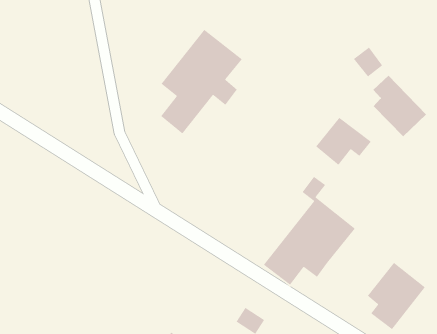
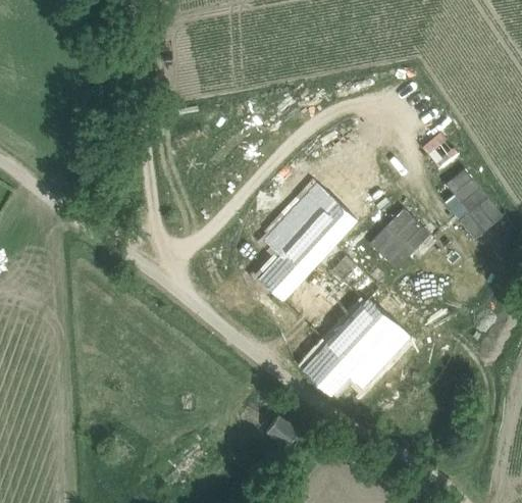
building: [160,29,243,134] -> [259,184,357,301]
building: [367,262,426,330] -> none

